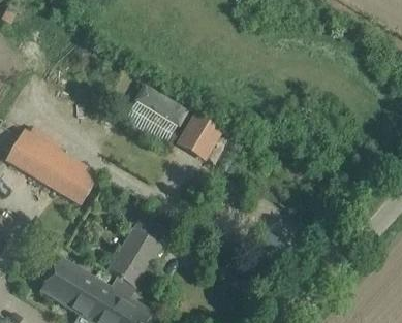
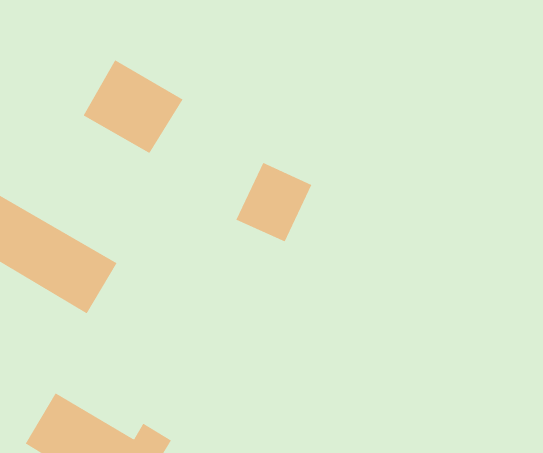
building: [125,82,190,142] -> [83,59,183,154]
building: [106,214,161,287] -> none

